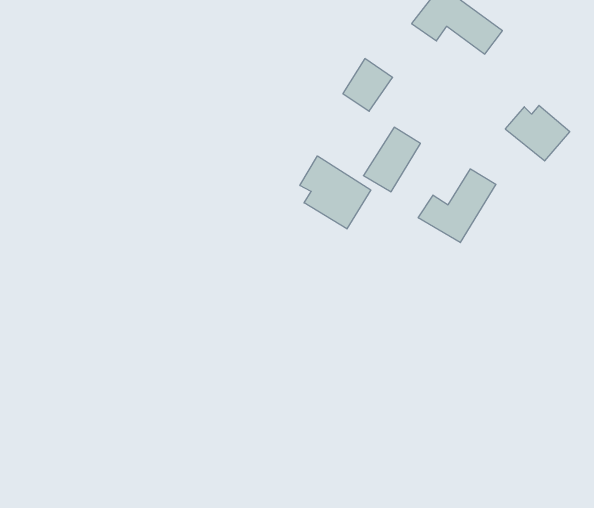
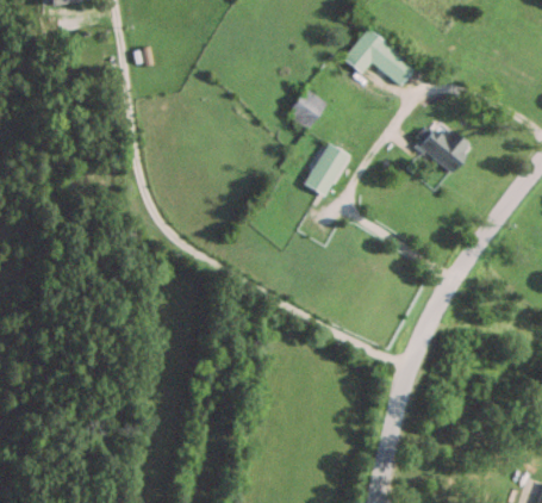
building: [300,156,371,229] -> none
building: [418,169,496,243] -> none

